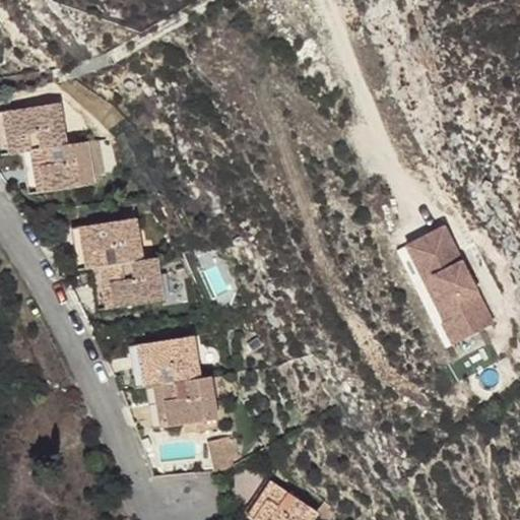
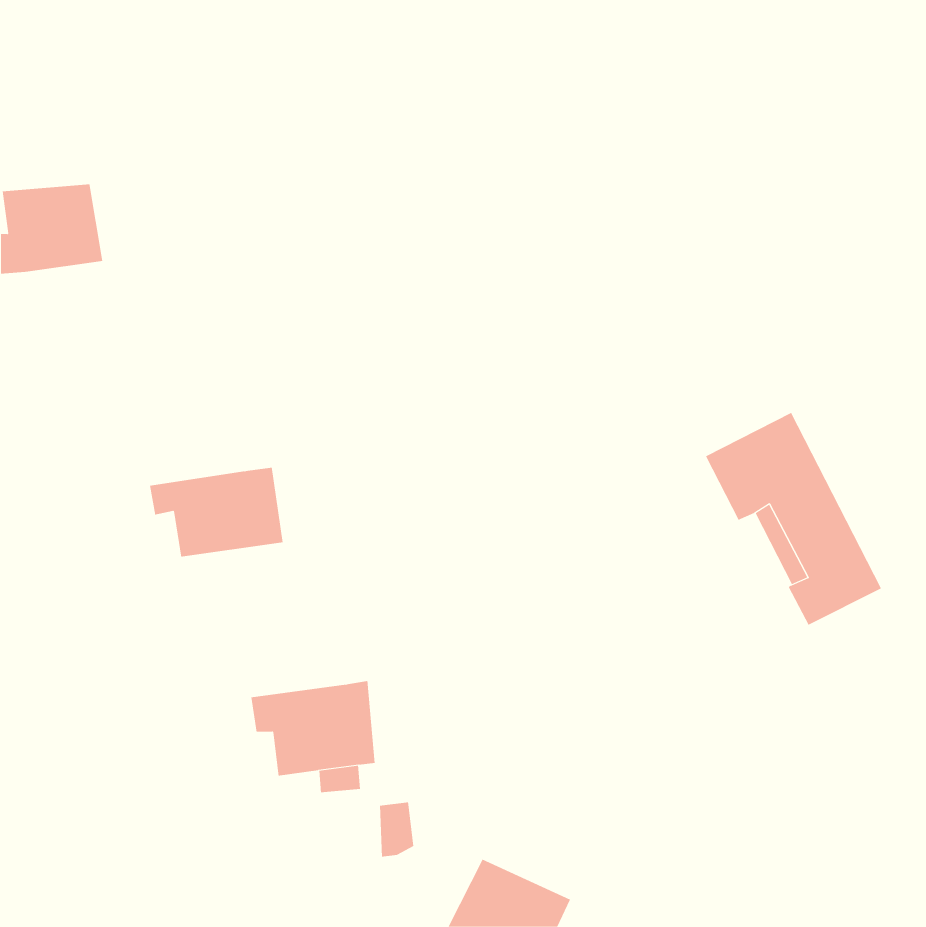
building: [22,140,94,189] -> none
building: [72,216,143,270] -> none
building: [130,336,199,387] -> none

